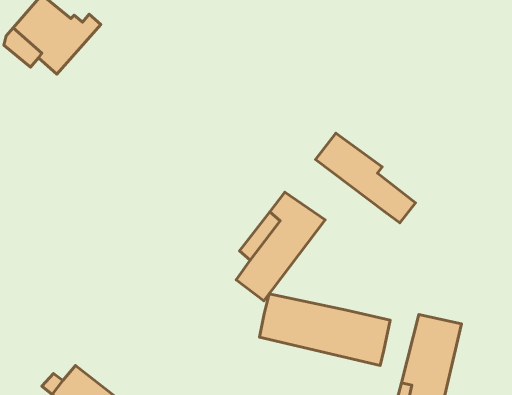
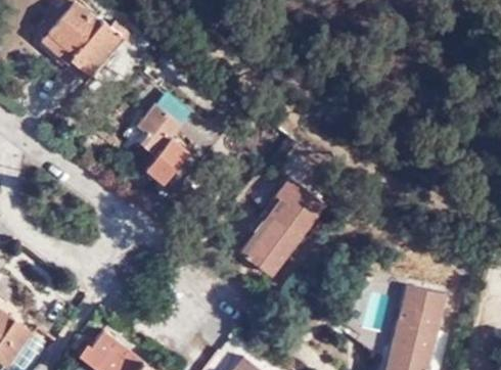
building: none -> [137,104,188,171]
building: [315,133,415,223] -> none
building: [259,294,390,366] -> none

